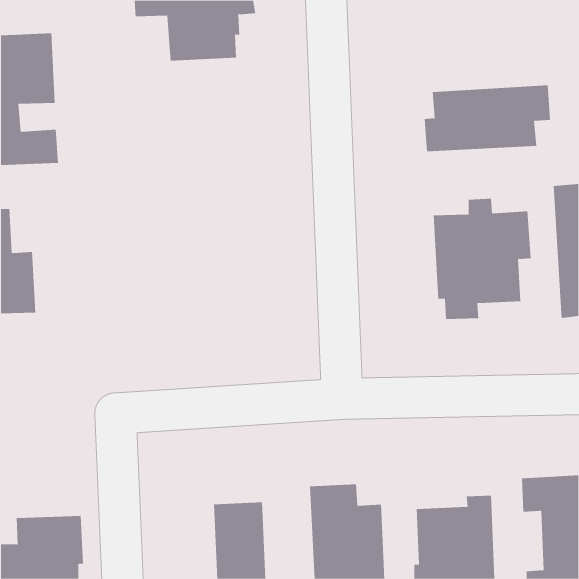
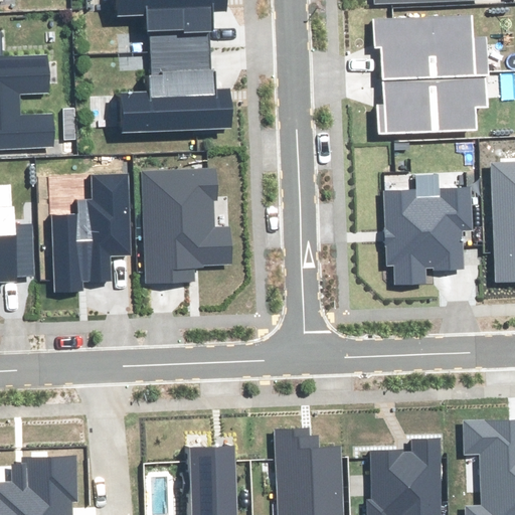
building: none -> [374,14,487,81]
building: none -> [121,51,231,132]
building: none -> [141,169,232,283]
building: none -> [51,175,131,292]

